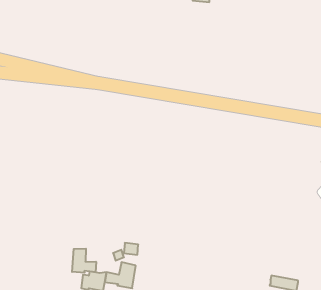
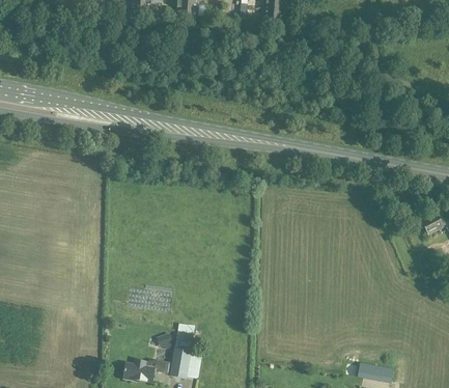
building: [72,249,96,273] -> none

